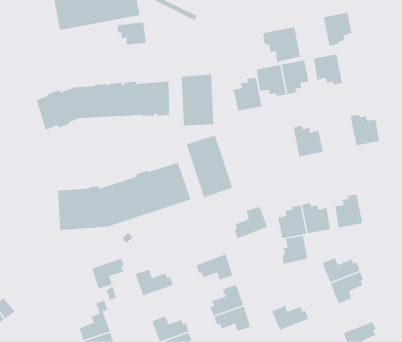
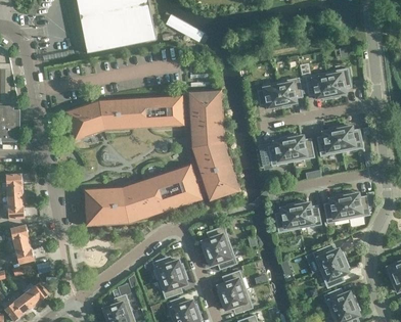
building: [323,12,353,46] -> [325,68,351,98]
building: [117,22,147,45] -> none
building: [262,26,301,63] -> none
building: [233,77,263,112] -> [267,136,293,166]
building: none -> [316,126,342,156]
building: none -> [343,191,369,219]
building: [234,206,268,239] -> [201,226,230,255]
building: [281,235,308,264] -> none
building: [91,257,125,290] -> [159,272,187,300]
building: [271,305,309,331] -> [323,290,356,313]

